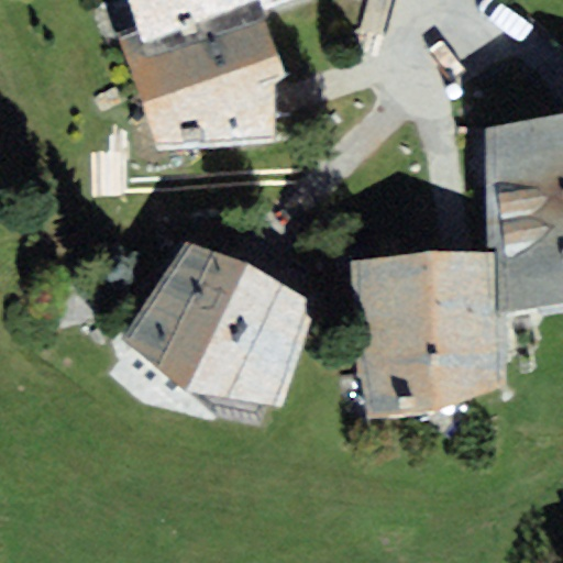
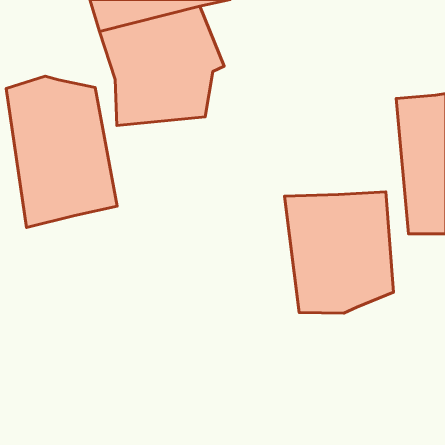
building: none -> [6,76,117,227]
building: [106,238,316,411] -> none

